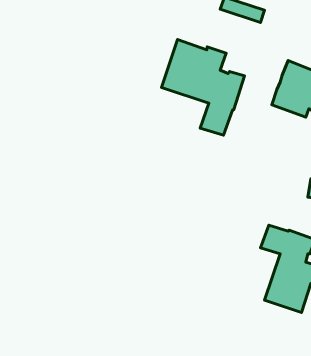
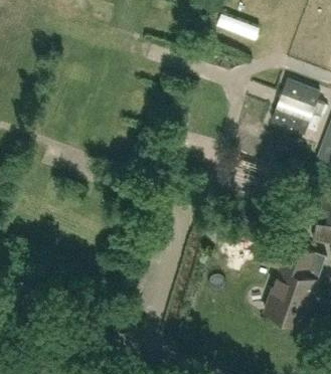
building: [162,40,244,135] -> none

